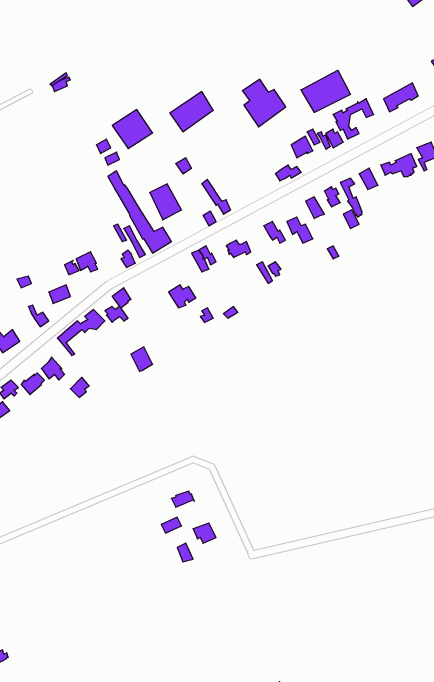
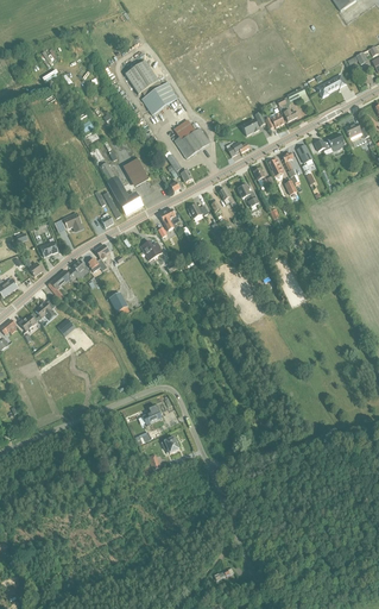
building: [301,70,350,112] -> none
building: [242,79,286,127] -> [173,119,209,158]
building: [112,110,153,149] -> [125,61,158,93]

